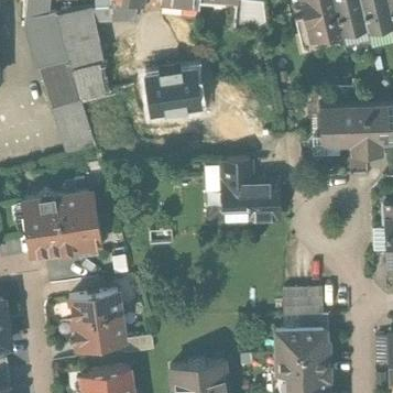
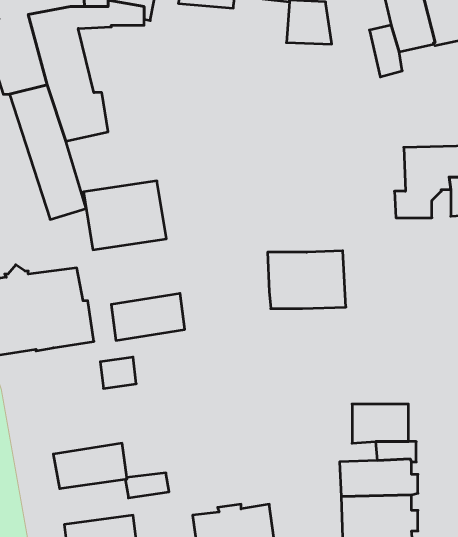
building: [144,67,203,116] -> [83,181,166,250]
building: [223,156,251,178] -> none
building: [69,287,121,320] -> [111,293,185,340]

